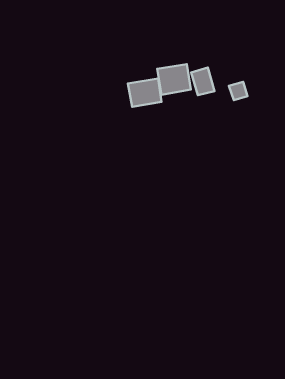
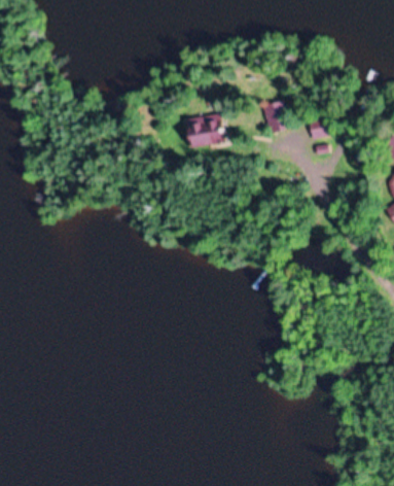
building: [157,64,191,95] -> none

